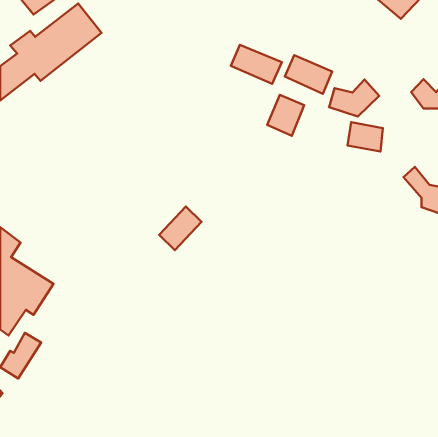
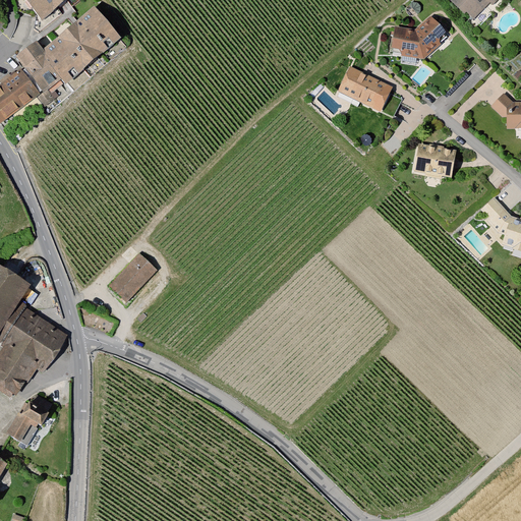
building: [231,45,282,84] -> none
building: [329,80,379,117] -> [388,16,447,60]
building: [267,95,304,136] -> none
building: [159,206,201,250] -> [109,250,159,302]

